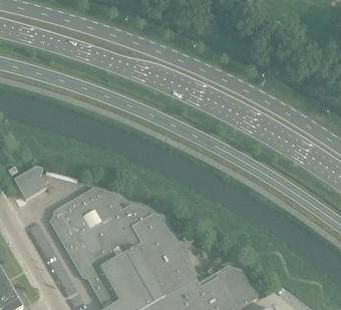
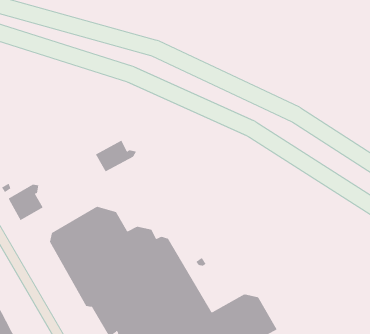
building: none -> [95,140,137,172]

